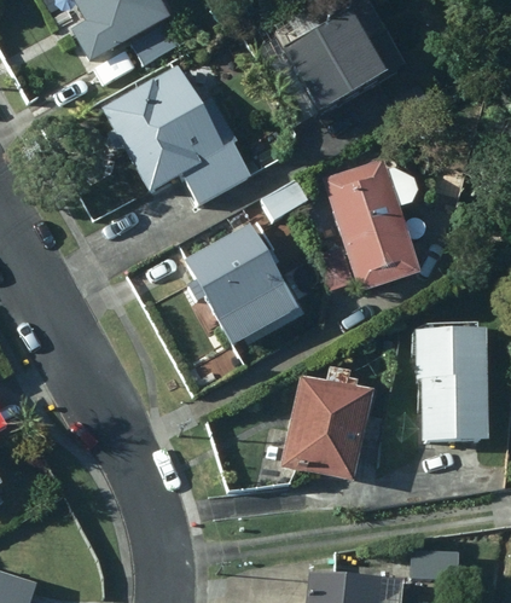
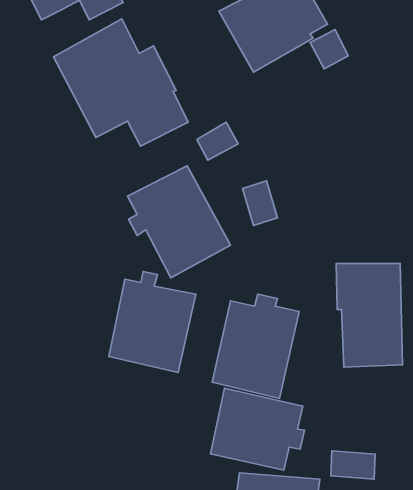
building: [326,158,417,291] -> none
building: none -> [109,271,196,372]
building: none -> [211,388,305,470]

